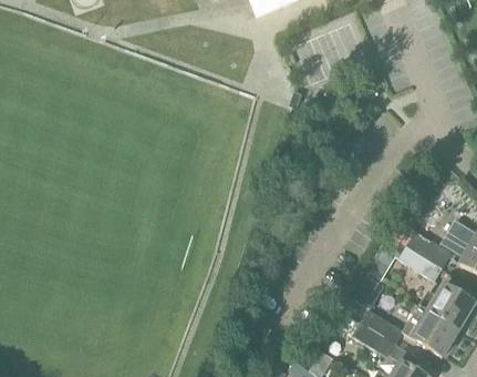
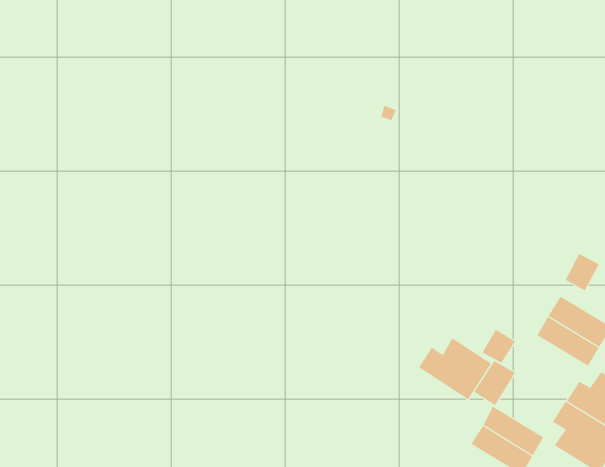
building: none -> [419,338,492,400]

